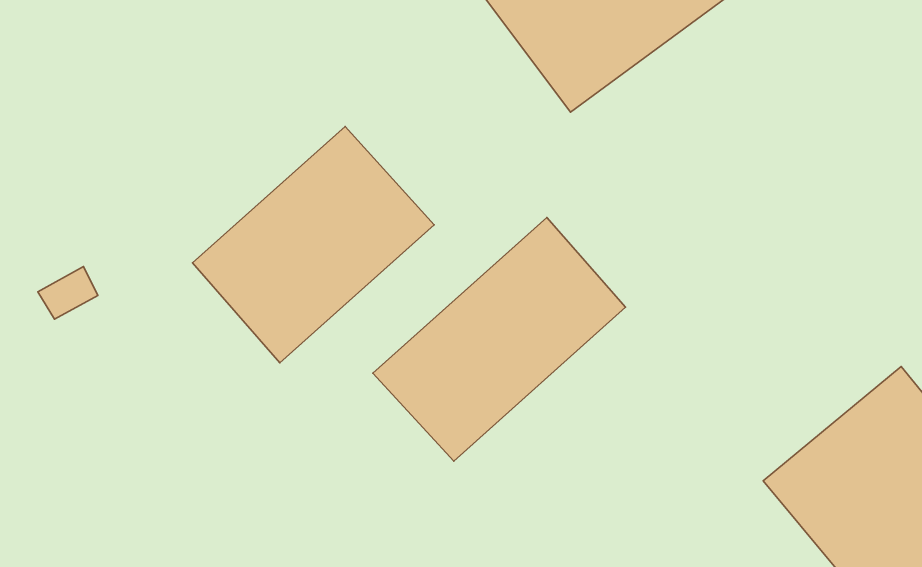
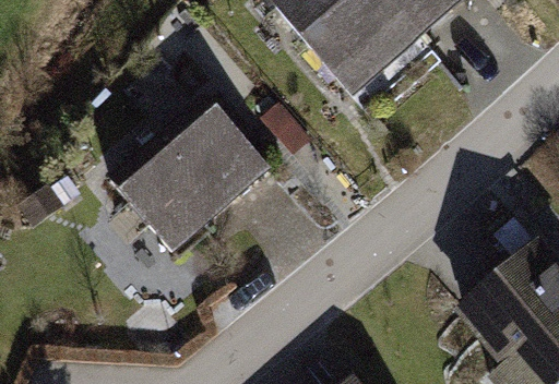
building: [373,218,626,461] -> none

